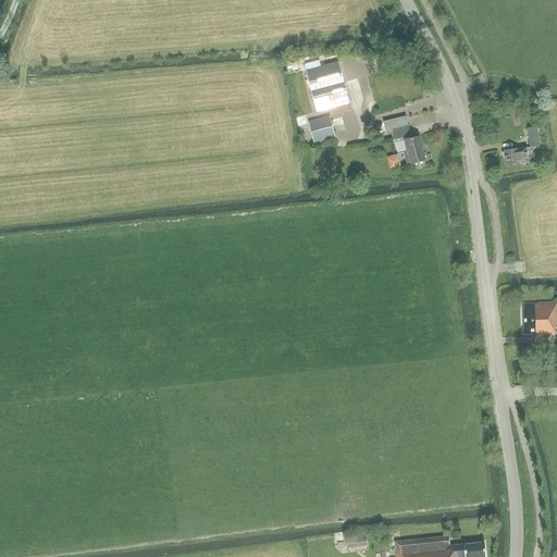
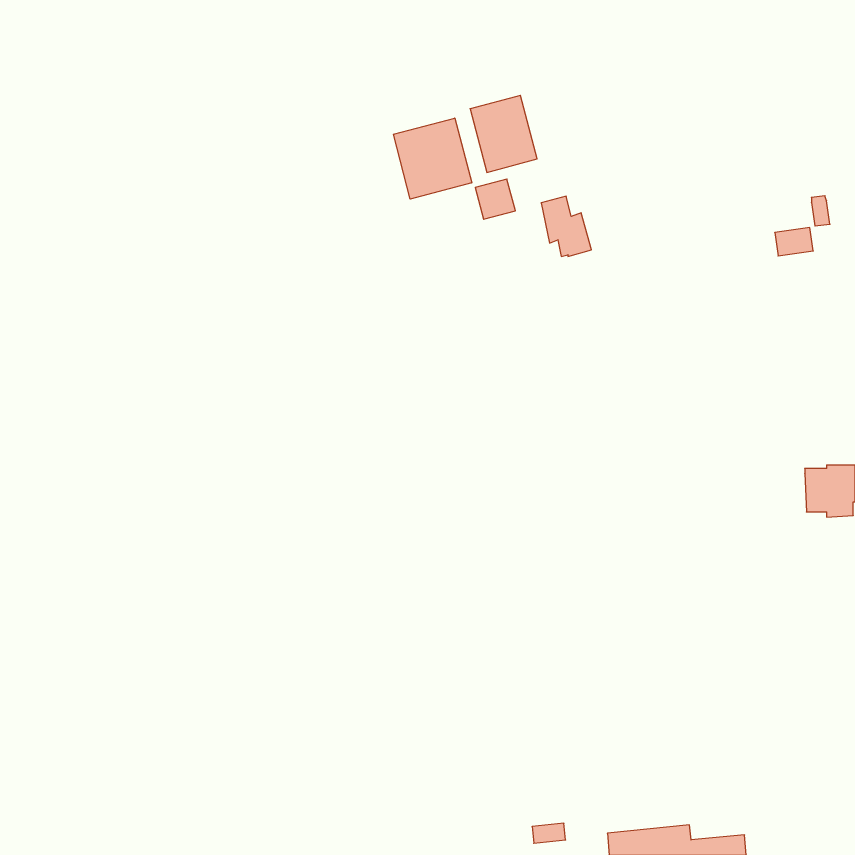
building: none -> [393,118,472,199]
building: [393,125,425,164] -> [541,196,591,256]

